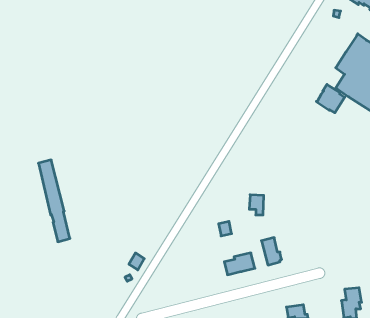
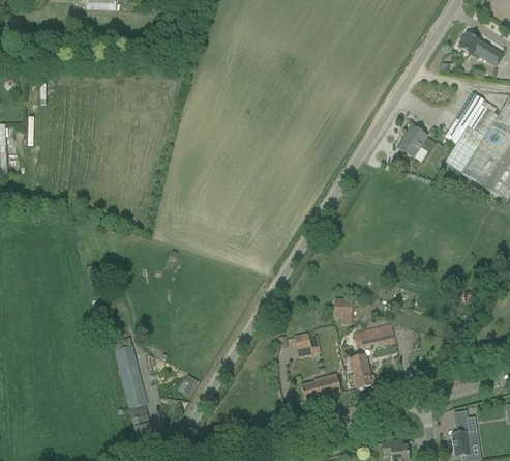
building: [316,84,345,113] -> [398,125,434,162]
building: [38,160,70,242] -> [114,338,154,442]
building: none -> [354,323,395,345]

